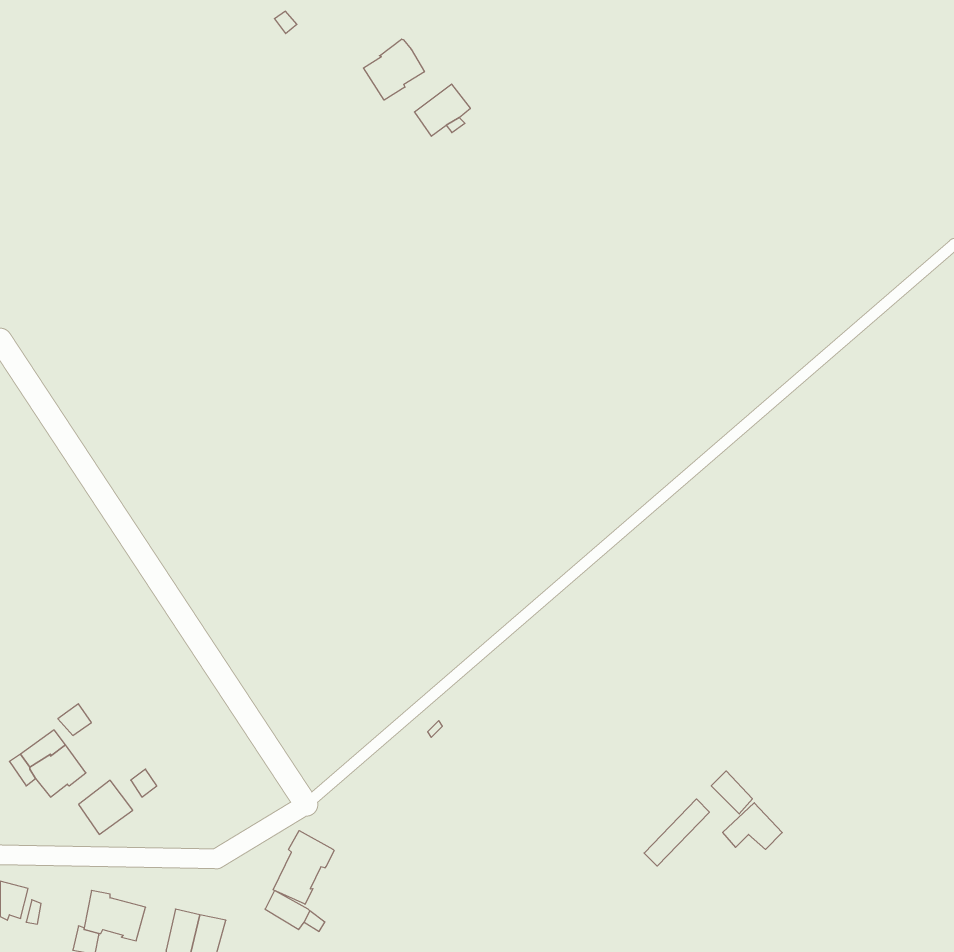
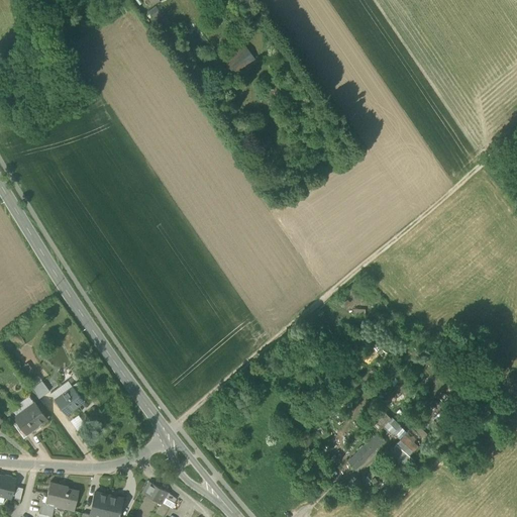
building: [363,39,424,100] -> none
building: [79,780,133,834] -> [55,387,84,416]
building: [273,831,334,904] -> none

